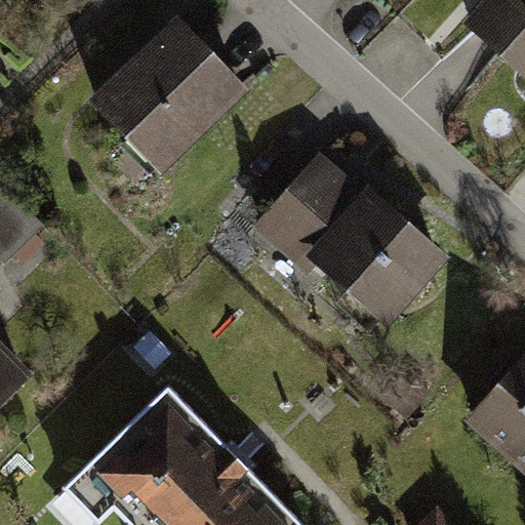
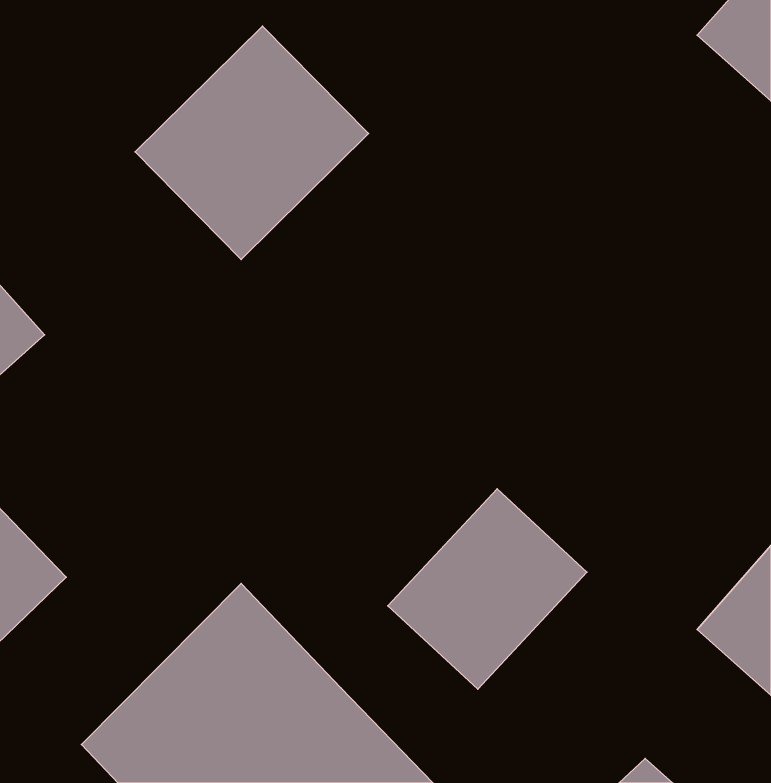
building: [256,147,452,339] -> none
building: none -> [388,489,587,689]

